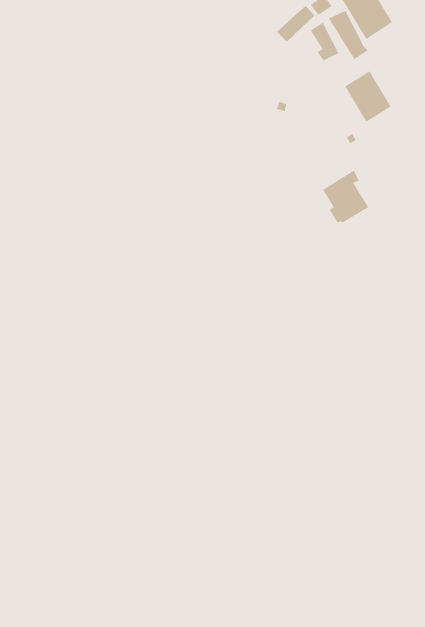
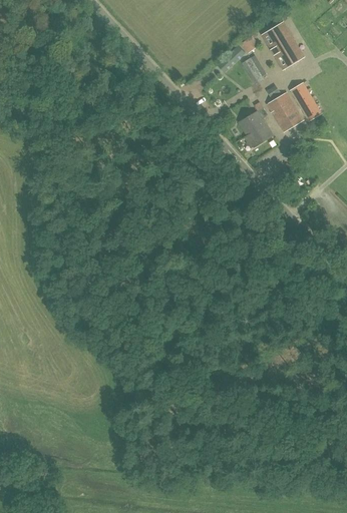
building: [328,10,368,60] -> [291,83,321,120]
building: [322,170,369,223] -> [240,106,275,146]

